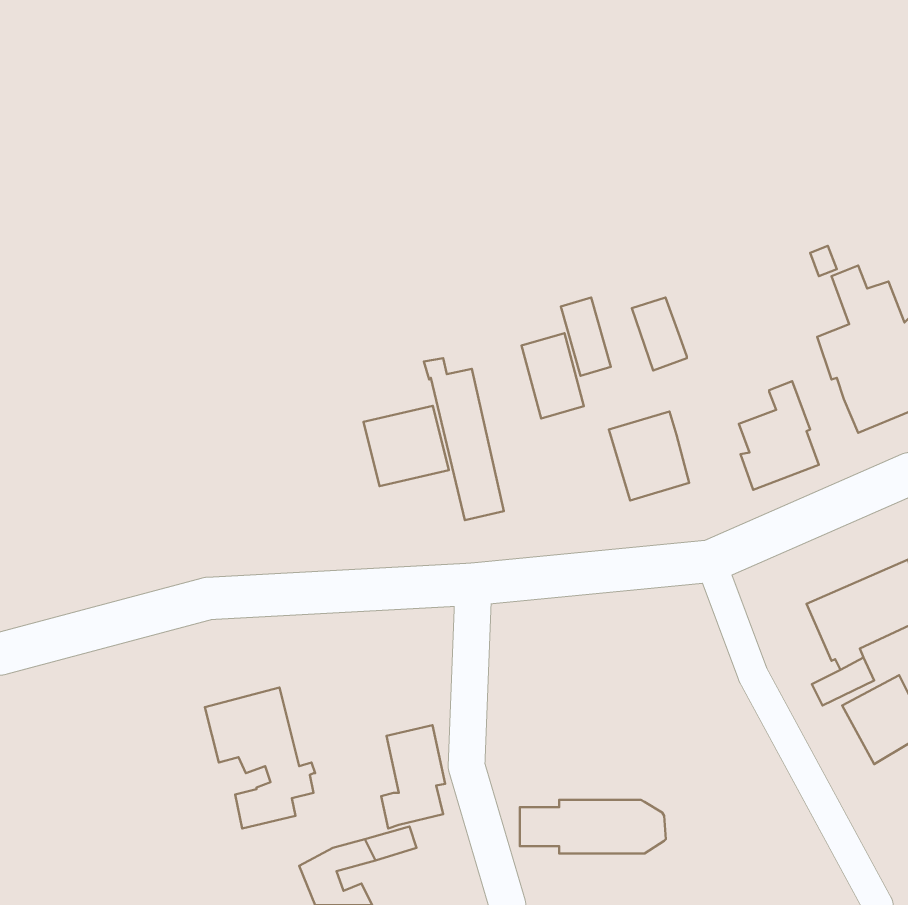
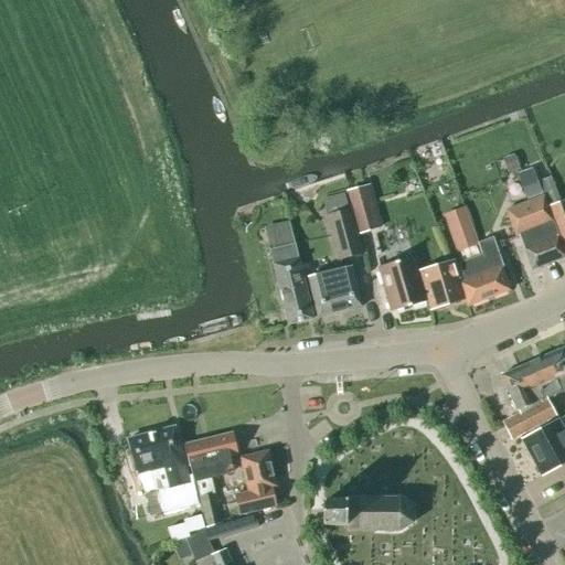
building: [632,298,687,371] -> [444,205,478,250]
building: [363,406,449,486] -> [309,266,362,316]
building: none -> [420,259,462,307]
building: none -> [186,431,237,524]

